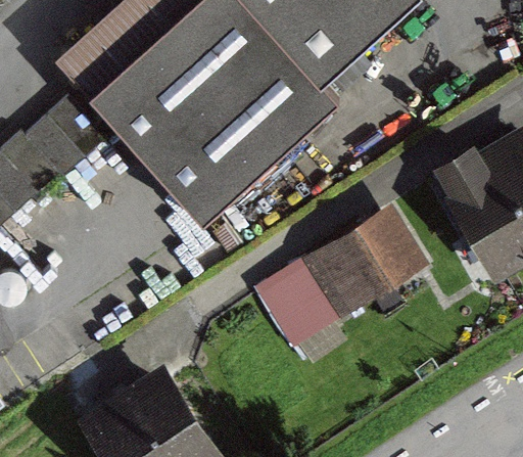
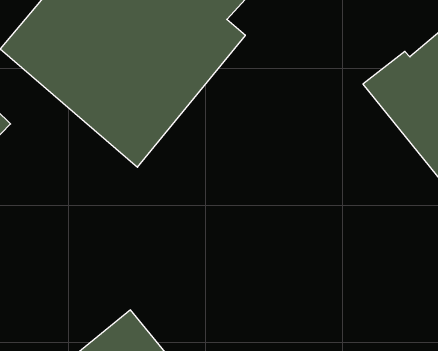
building: [258,204,431,348] -> none

